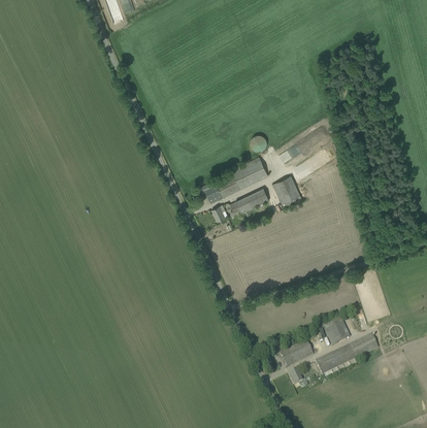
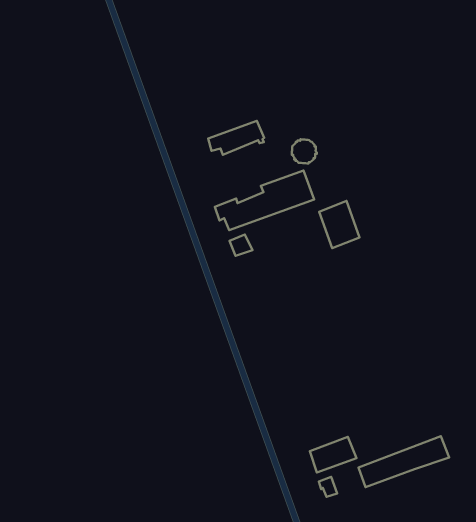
building: [229,188,268,213] -> [208,121,264,155]
building: [321,316,349,345] -> none

